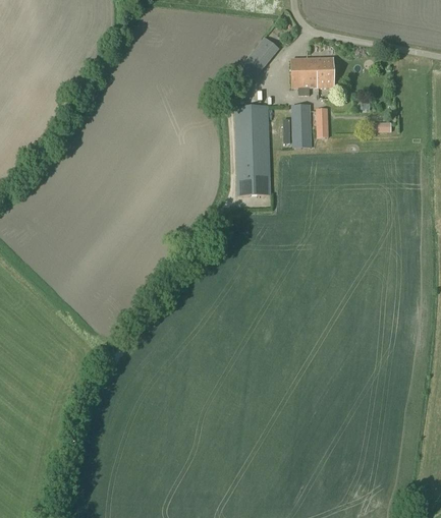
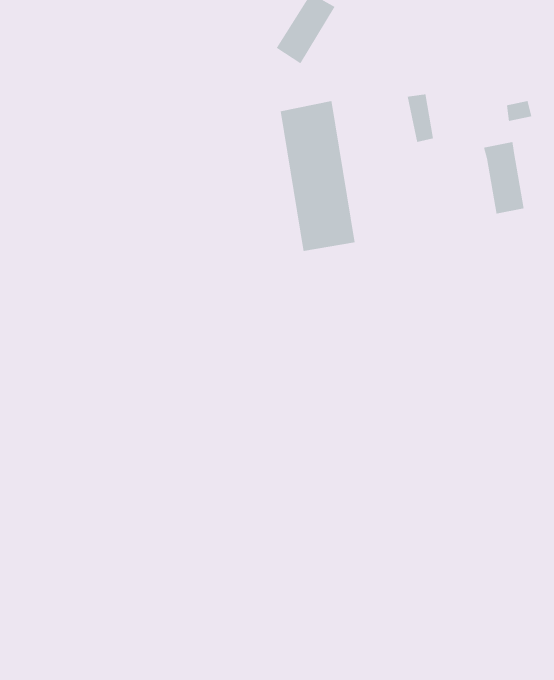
building: [290,57,334,95] -> none
building: [290,104,311,148] -> [483,142,524,214]

